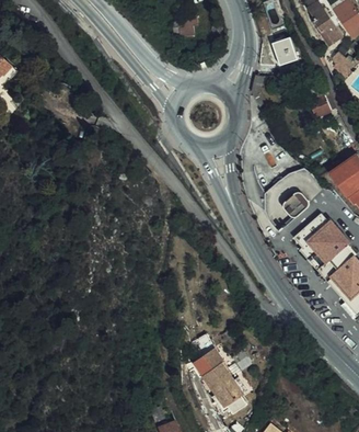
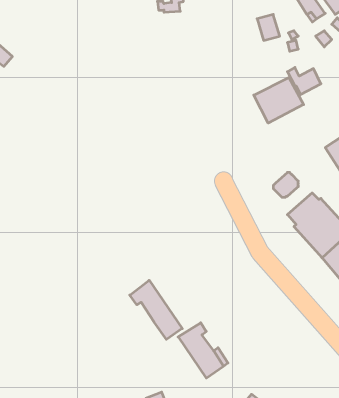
building: none -> [254,78,304,123]
building: none -> [130,280,182,339]

